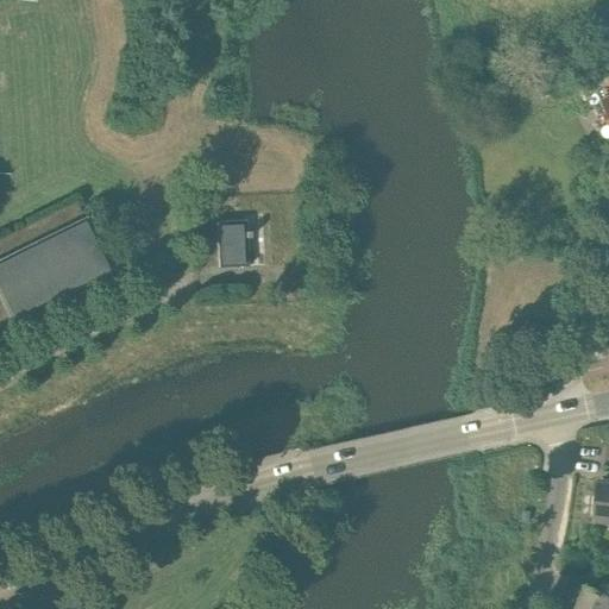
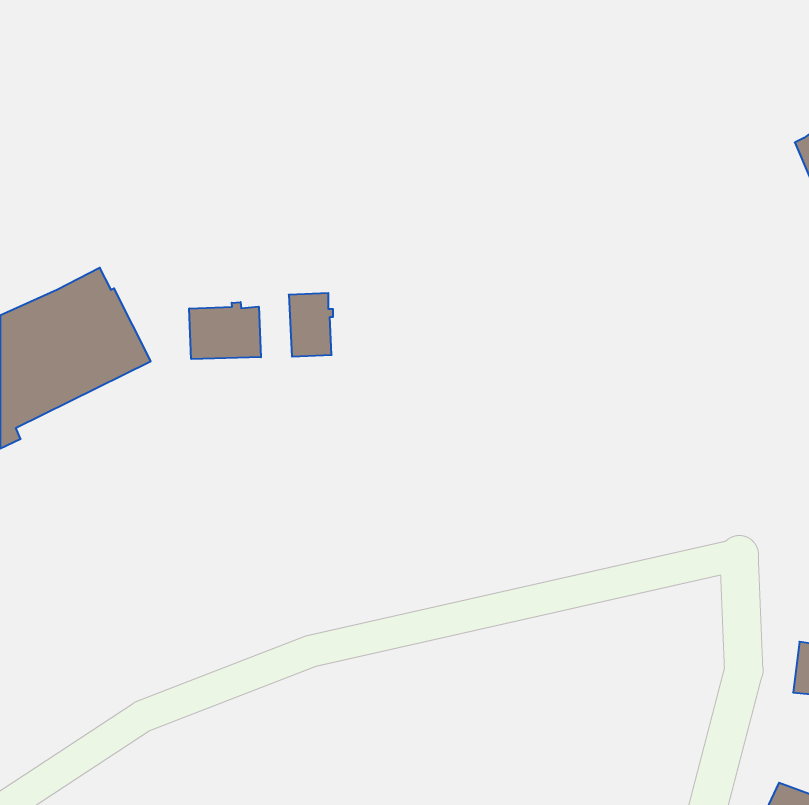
building: none -> [189,302,261,359]

